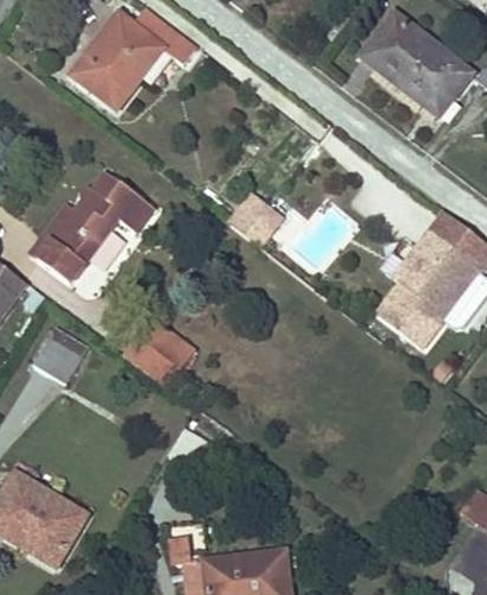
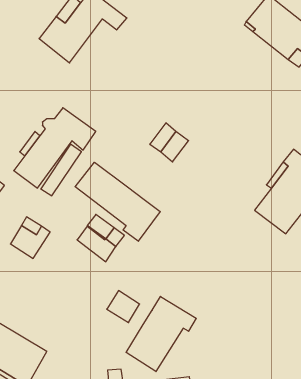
building: none -> [75,162,160,241]
building: none -> [126,296,196,372]

